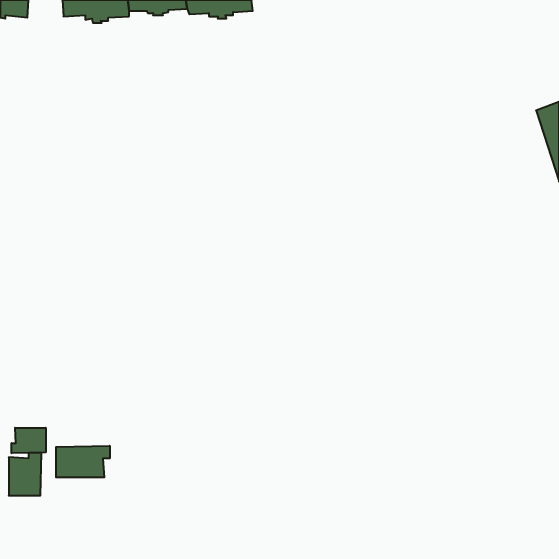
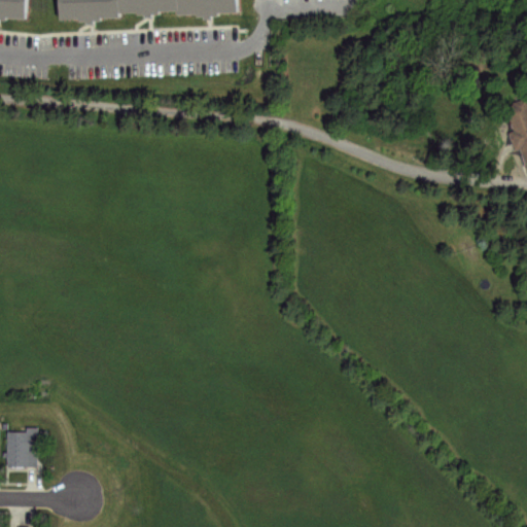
building: [12,428,46,453] -> none
building: [56,446,110,477] -> none

